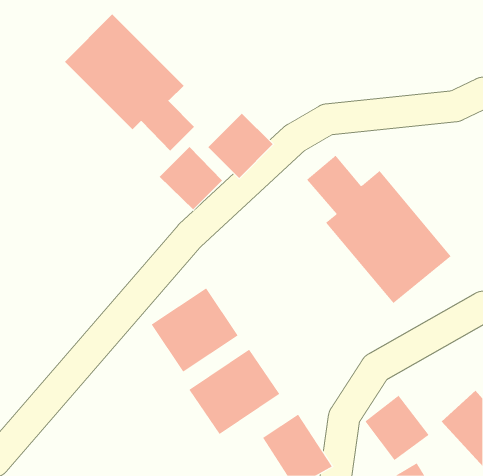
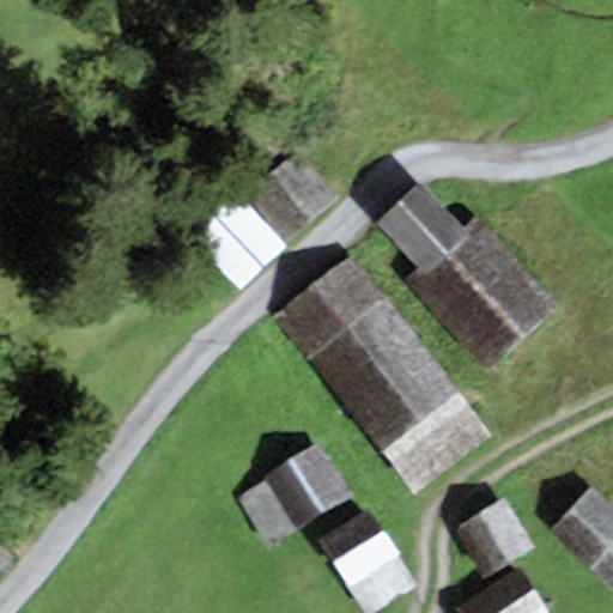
building: [64,13,195,151] -> none
building: none -> [272,249,494,498]
building: [151,287,239,373] -> none

